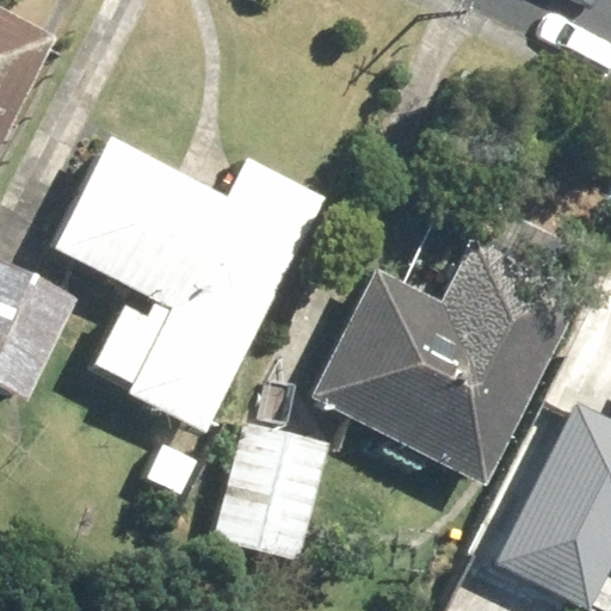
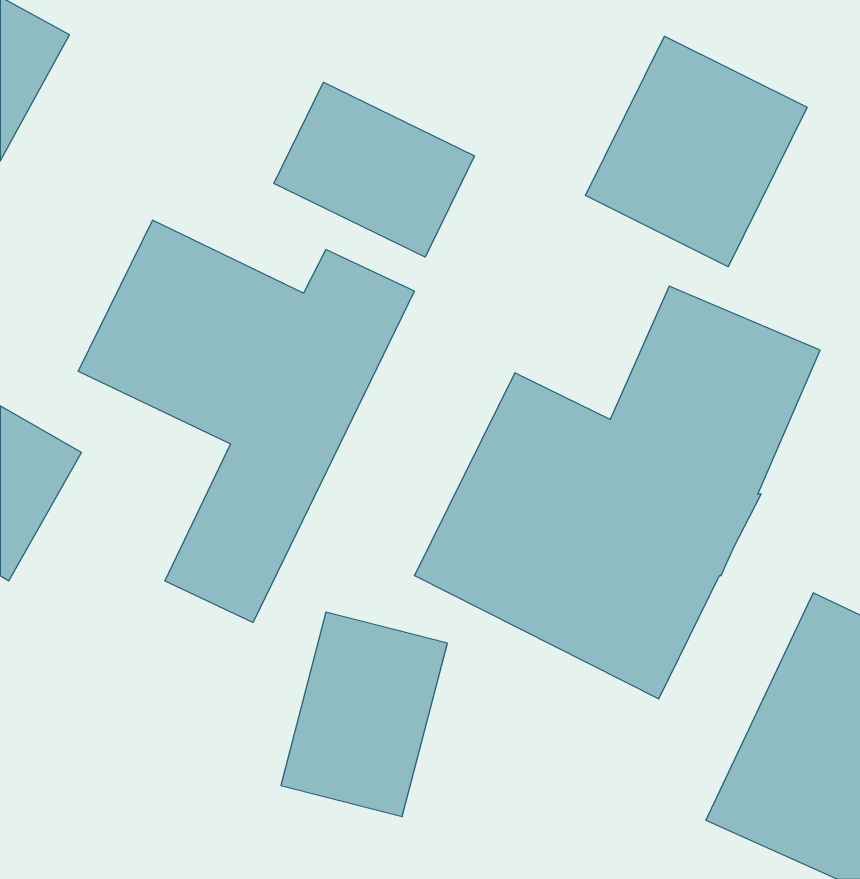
building: none -> [586,36,807,267]
building: none -> [274,82,475,257]

